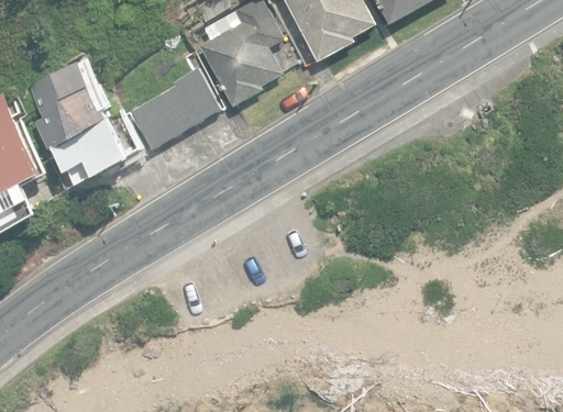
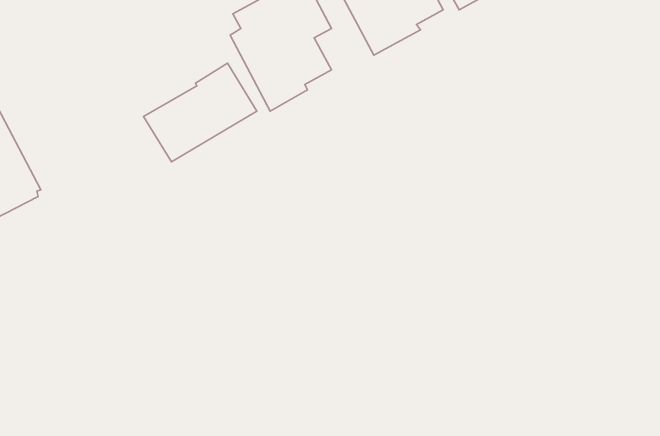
building: [25,55,134,185] -> none

